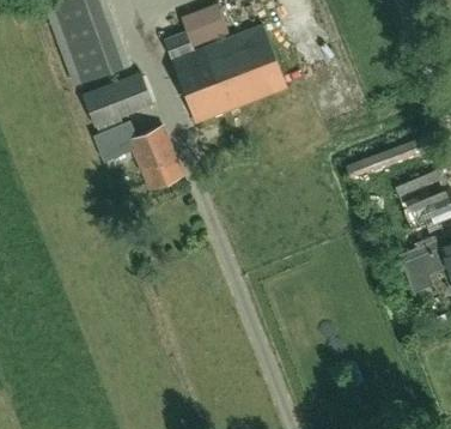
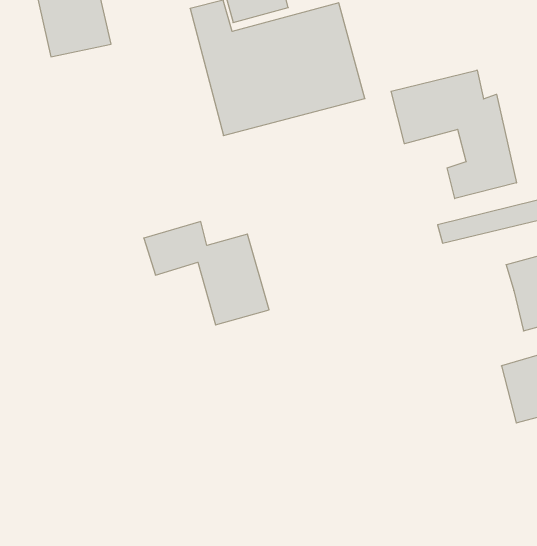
building: none -> [391,70,516,199]
building: [83,71,154,127] -> none
building: [95,120,184,188] -> [144,222,269,325]

